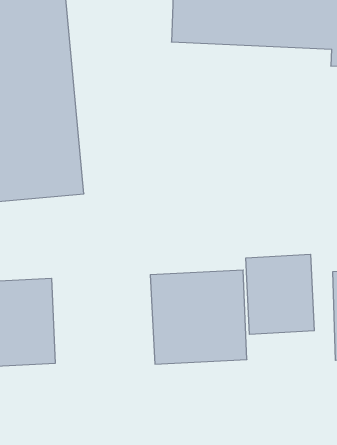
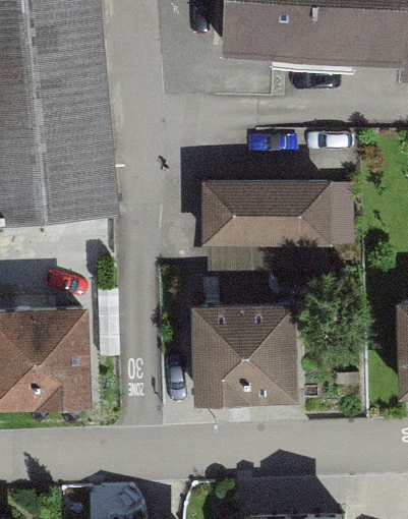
building: none -> [202,176,335,254]
building: [246,254,314,334] -> none

